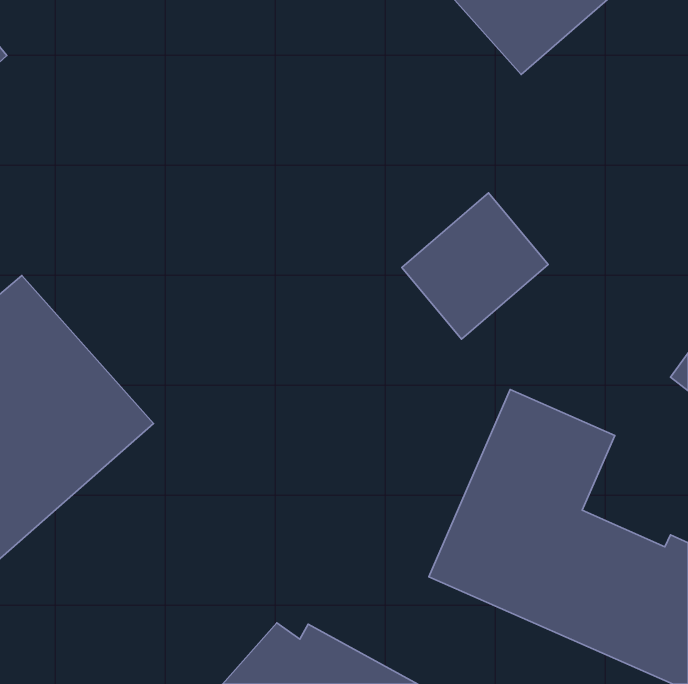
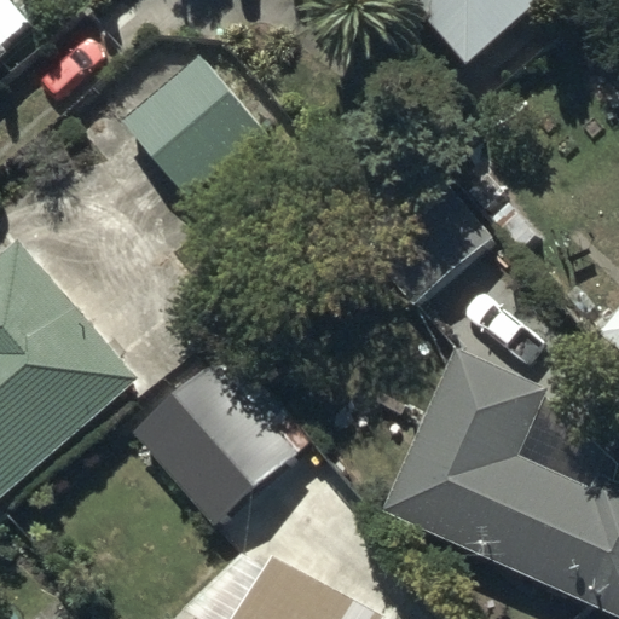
building: none -> [125,56,265,196]
building: none -> [135,348,310,522]

